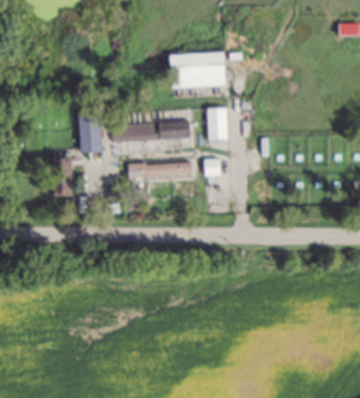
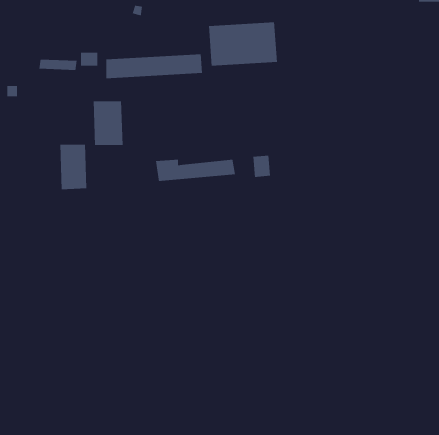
building: [207,108,227,139] -> none
building: [113,121,191,141] -> [105,54,203,79]

